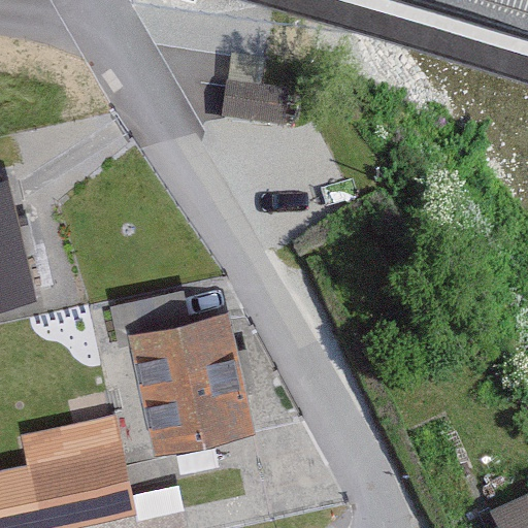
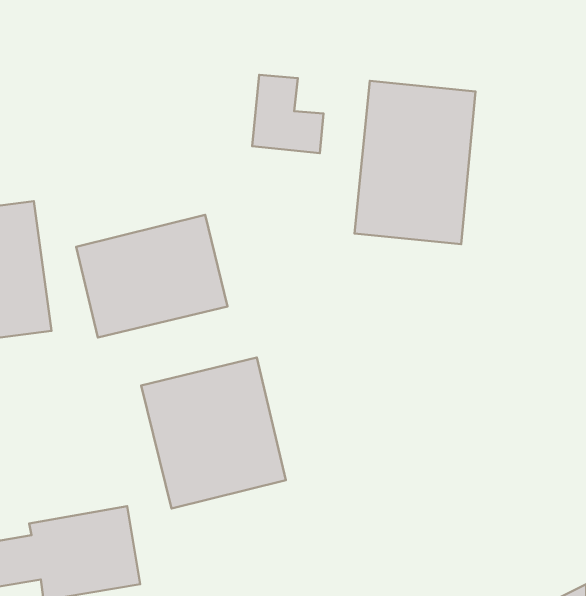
building: none -> [354,81,476,244]
building: none -> [76,215,227,337]

